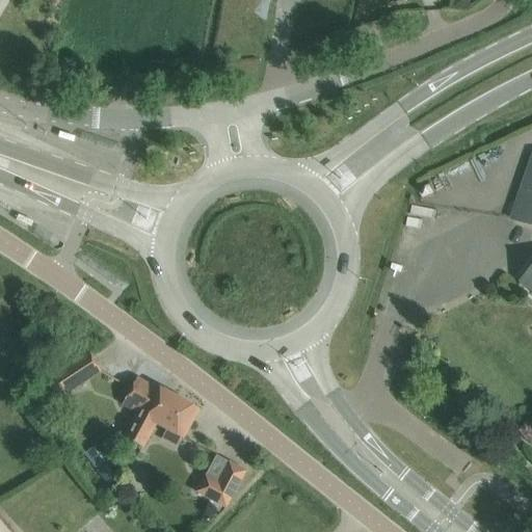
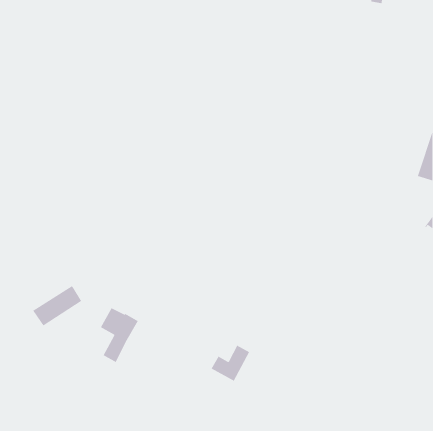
building: [155,393,197,445] -> none
building: [196,459,245,505] -> [210,344,250,382]

